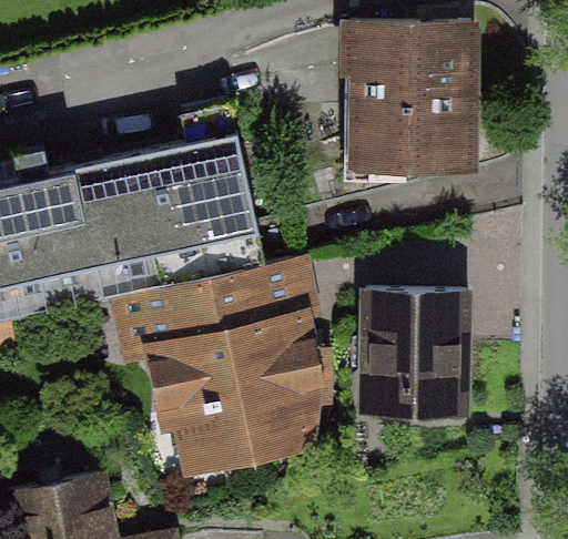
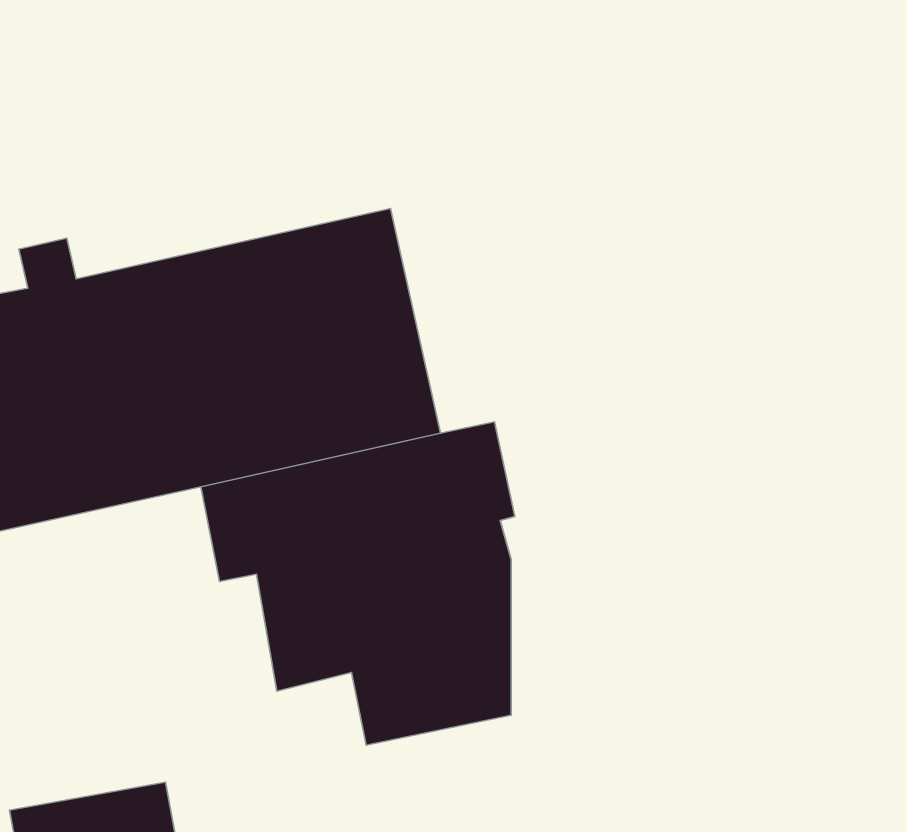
building: [348,26,470,172] -> none
building: [361,294,467,418] -> none

